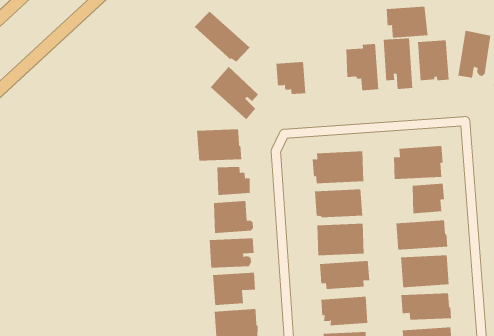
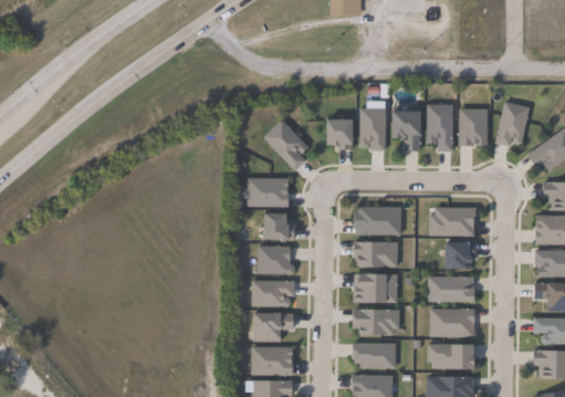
building: [386,6,428,38] -> none
building: [194,11,250,62] -> none
building: none -> [360,108,386,150]

